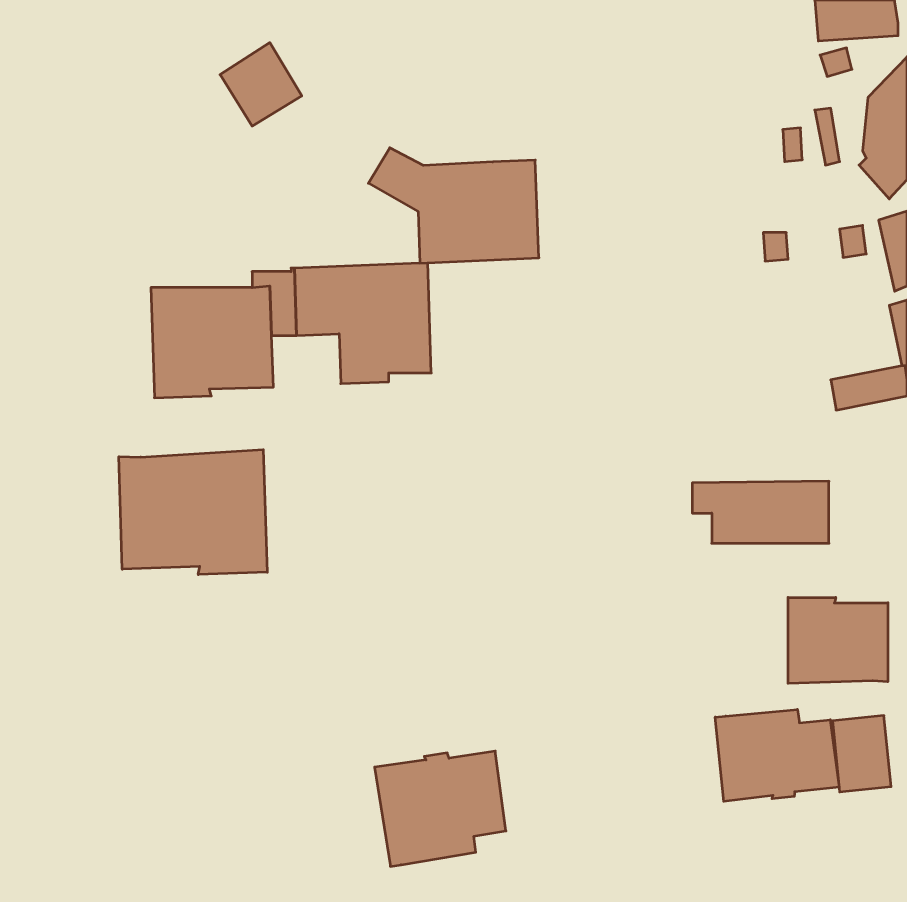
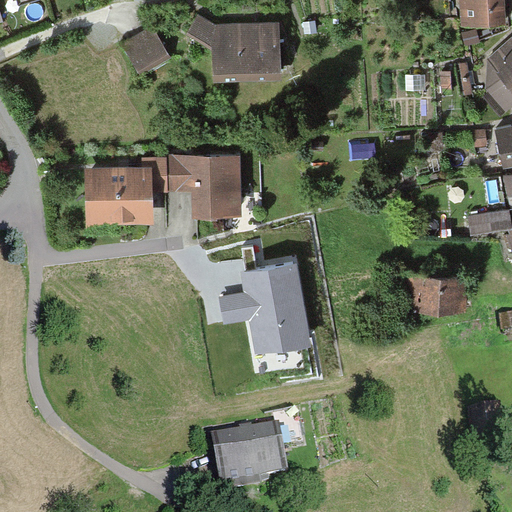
building: [368,148,539,263] -> [186,14,282,79]
building: none -> [220,242,308,349]
building: [119,450,267,575] -> none
building: [788,597,888,683] -> none
building: [715,709,839,801] -> none

